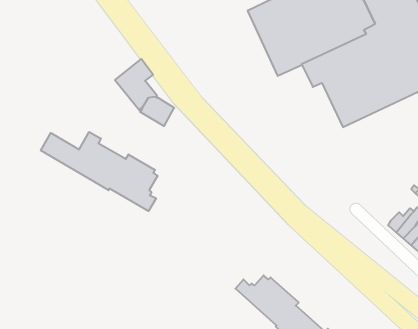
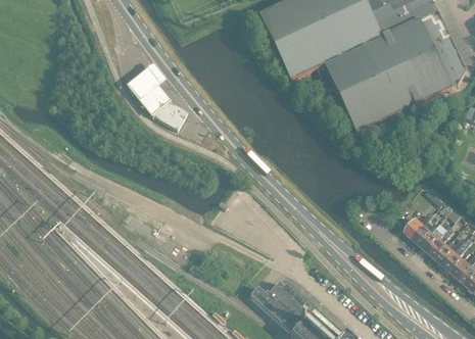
building: [41,132,158,211] -> none

